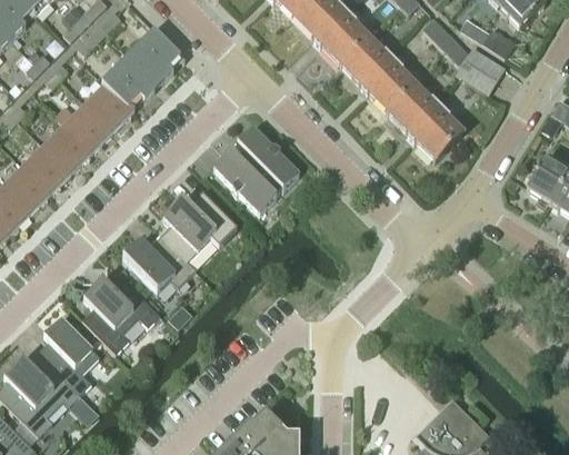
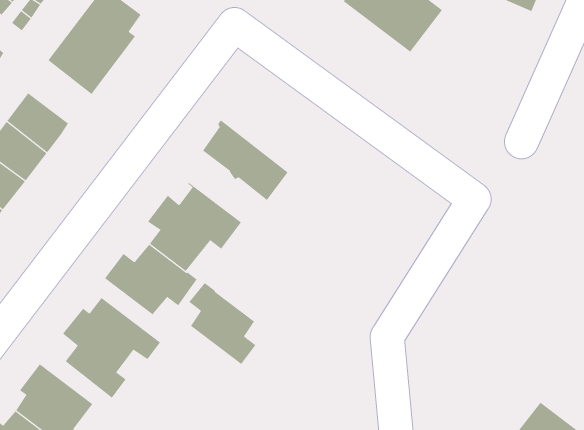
building: [82,81,132,131] -> none
building: [388,82,462,159] -> none
building: [231,127,299,194] -> none
building: none -> [189,282,256,365]

